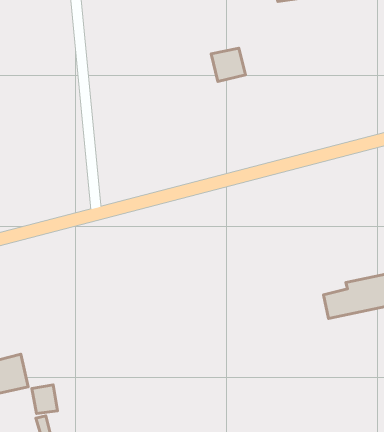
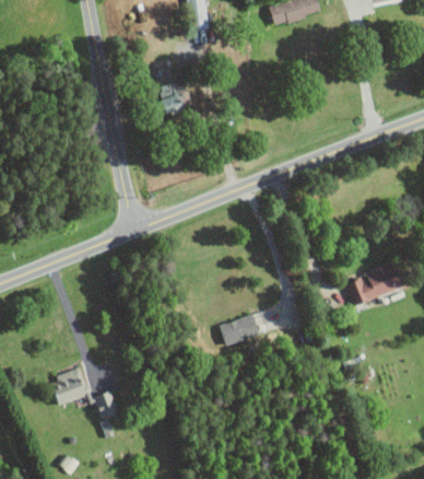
building: [211,48,246,81] -> [157,82,190,114]
building: none -> [219,314,259,344]

